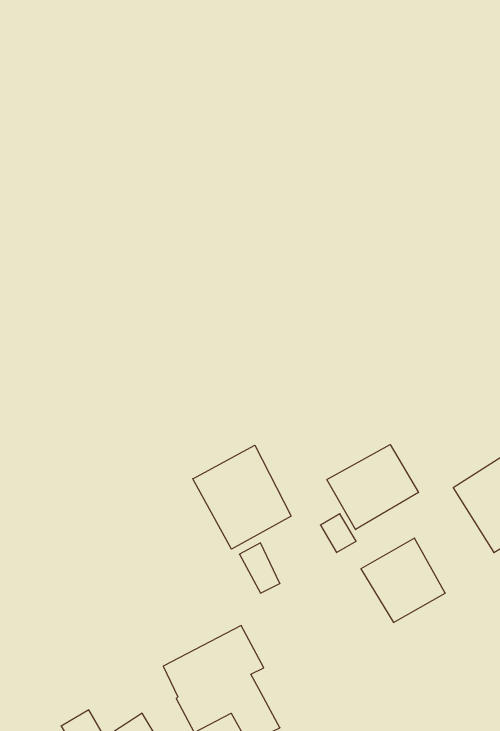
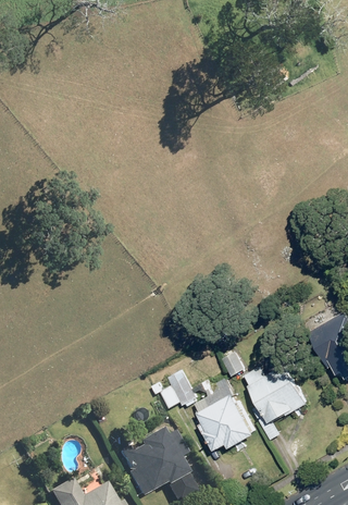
building: [327,445,418,530] -> none
building: [193,445,291,549] -> none
building: none -> [192,394,252,455]

